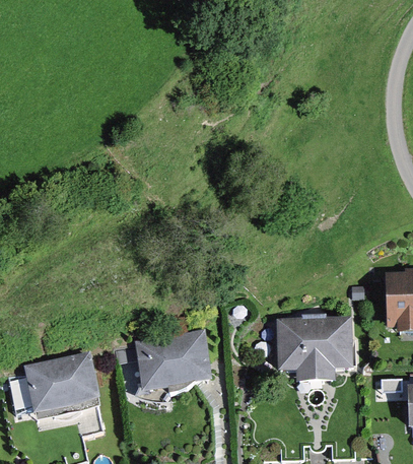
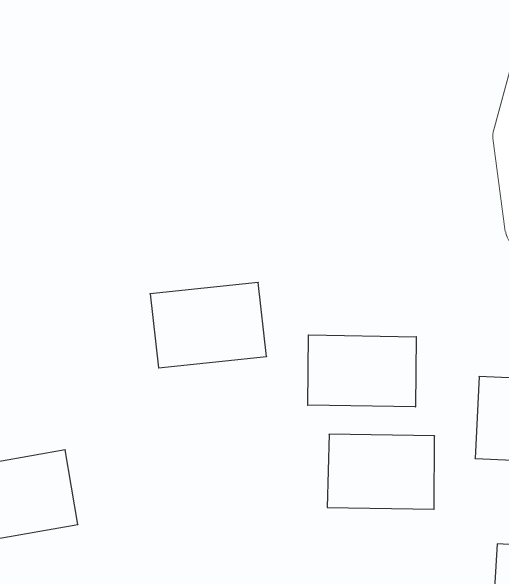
building: none -> [308,335,416,407]
building: [135,329,219,394] -> [150,282,267,368]

